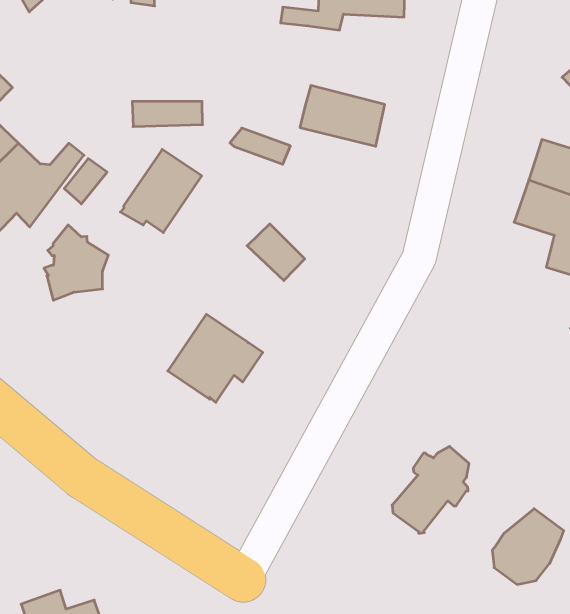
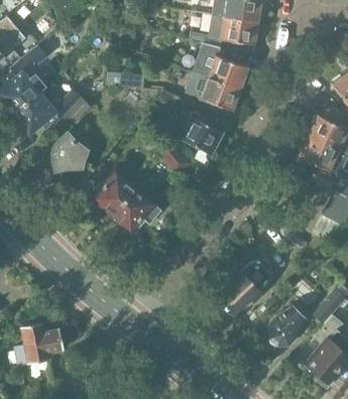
building: none -> [193,42,246,88]
building: [120,149,202,233] -> [89,170,133,214]
building: none -> [180,115,222,163]

